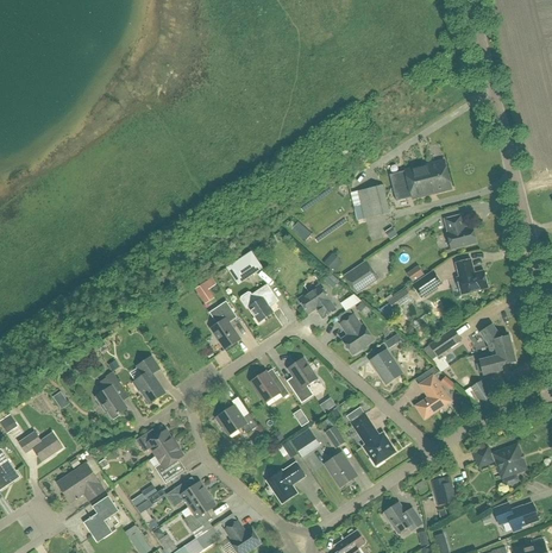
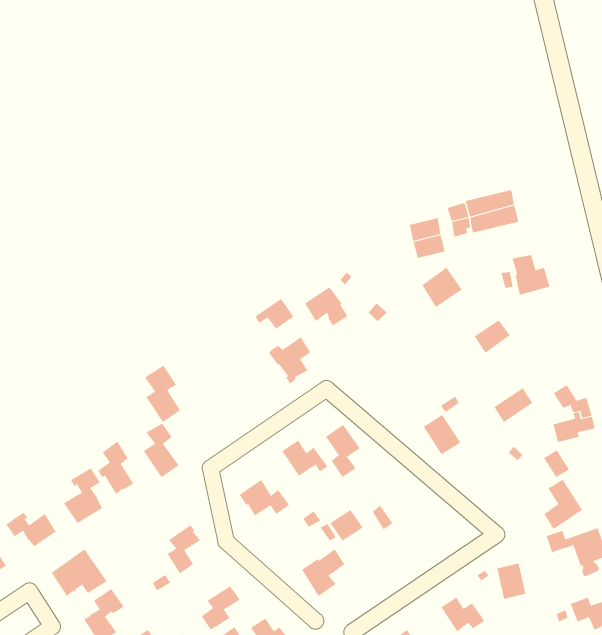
building: [344,258,378,293] -> [421,267,463,308]
building: [454,258,487,294] -> none
building: [297,283,334,316] -> [304,287,348,326]
building: [208,300,239,348] -> [144,365,181,423]
building: [339,313,372,353] -> none
building: [415,375,448,417] -> [543,479,583,530]
building: none -> [63,467,103,524]
building: [350,411,395,465] -> none
building: [136,429,174,454] -> none
building: [325,452,356,485] -> none
building: [165,480,207,505] -> none

